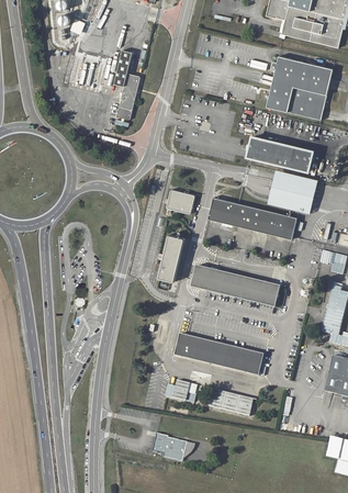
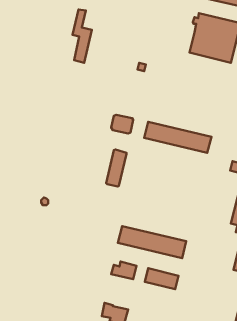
building: [249,138,314,171] -> none
building: [268,170,318,214] -> none
building: [190,264,279,304] -> none

